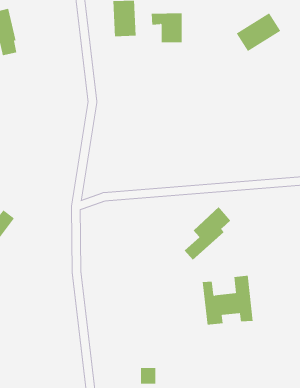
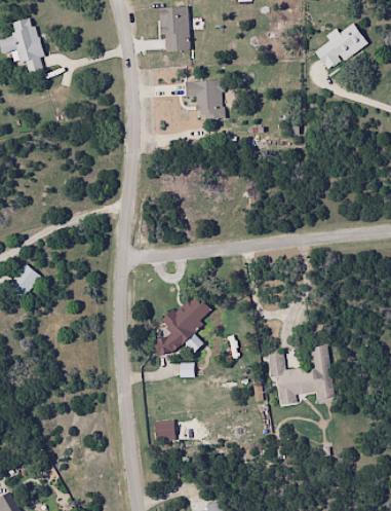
building: [151,13,183,43] -> [185,81,224,118]
building: [184,206,231,260] -> [152,292,210,359]
building: [140,367,156,384] -> [155,421,174,441]

